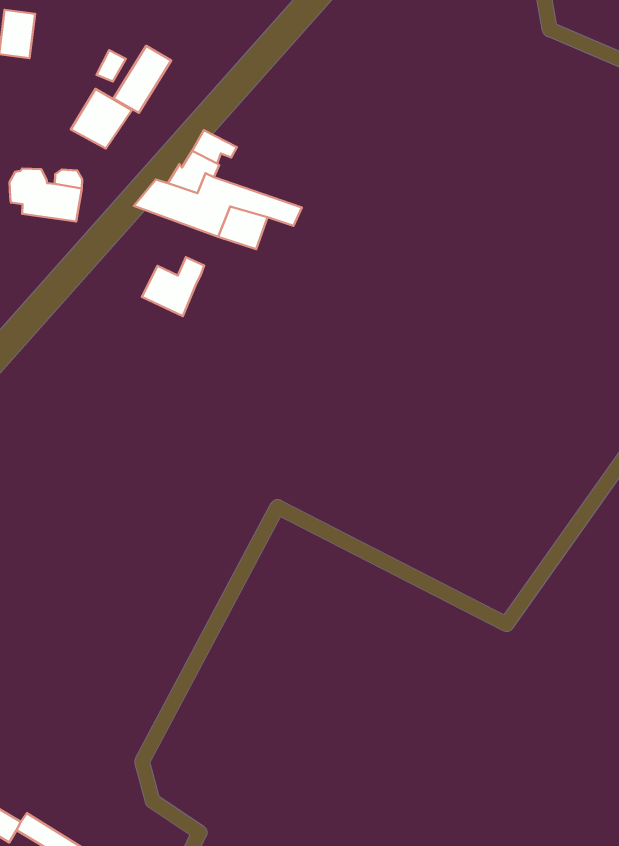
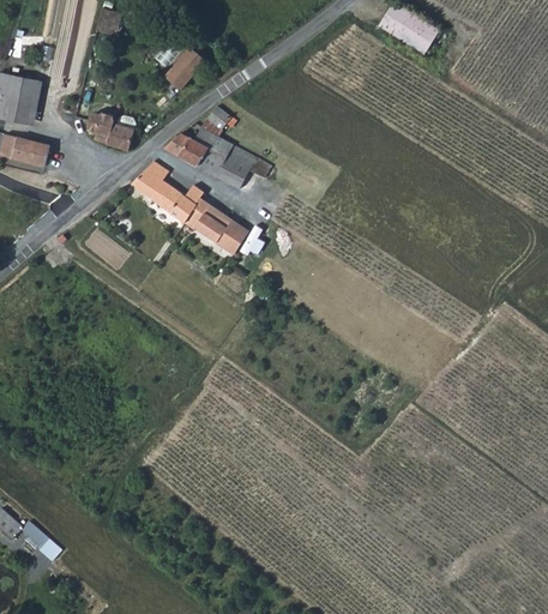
building: [71,89,132,149] -> none
building: none -> [132,161,173,206]
building: none -> [183,199,247,254]

